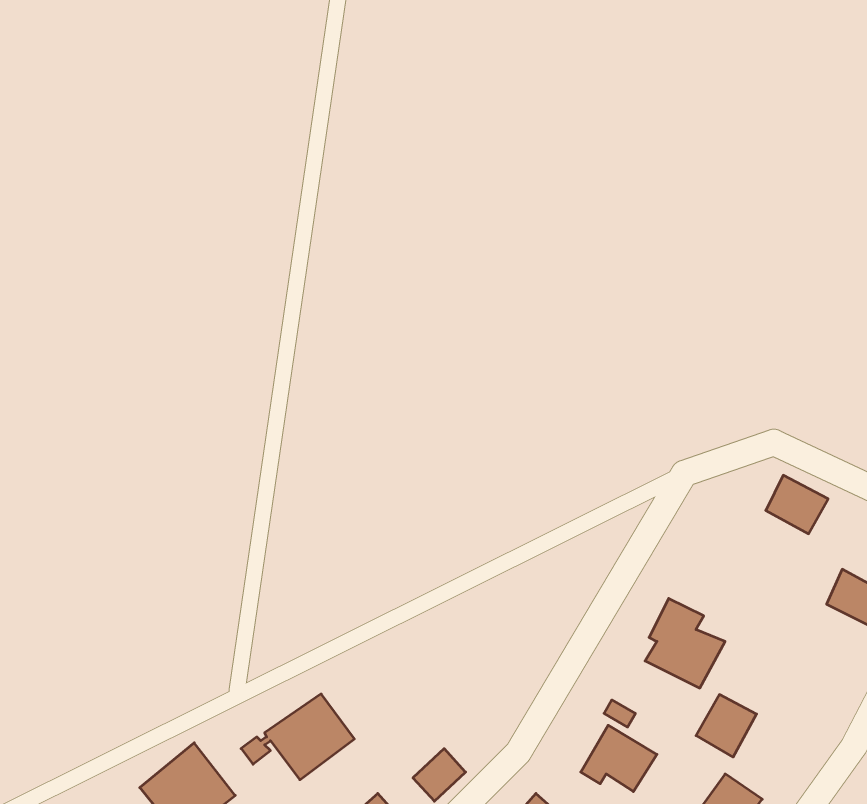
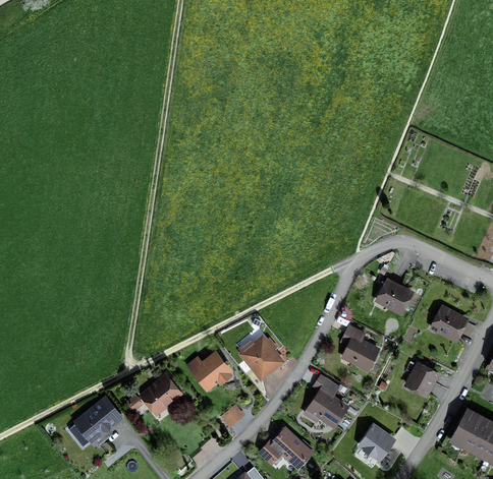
building: [766,475,828,534] -> [377,281,409,311]
building: none -> [239,334,281,377]
building: none -> [187,351,236,394]
building: [696,695,757,757] -> [404,363,436,396]

